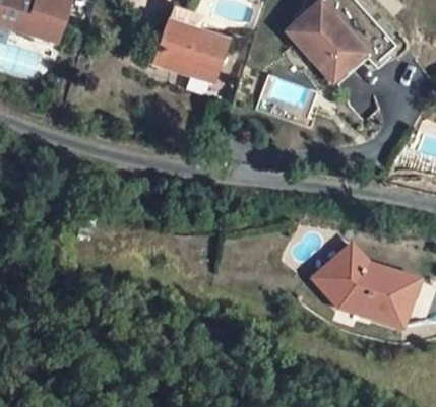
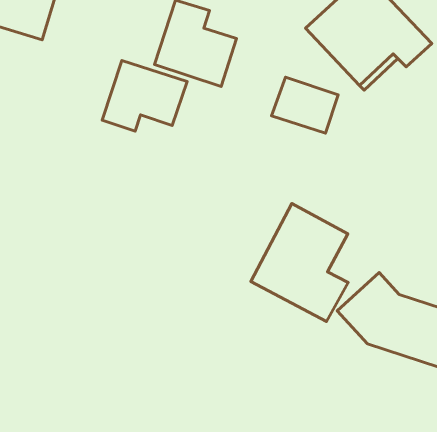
building: none -> [102,60,187,131]
building: none -> [251,203,348,322]

